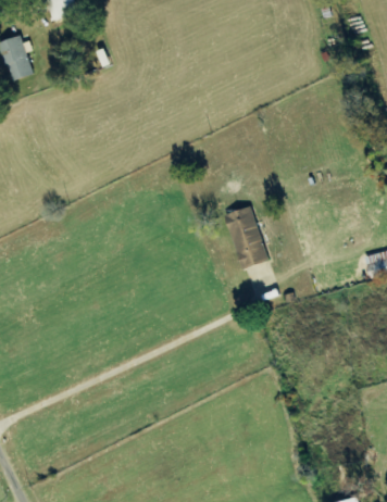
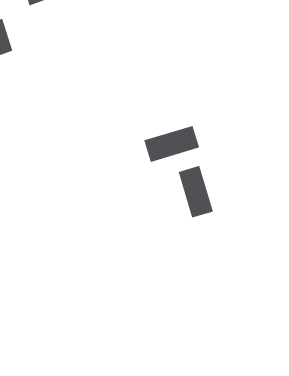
building: none -> [144,125,200,163]

